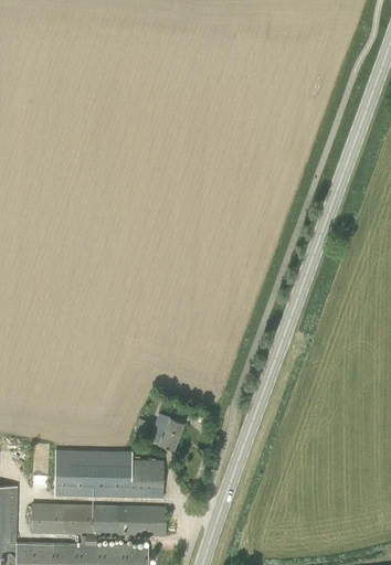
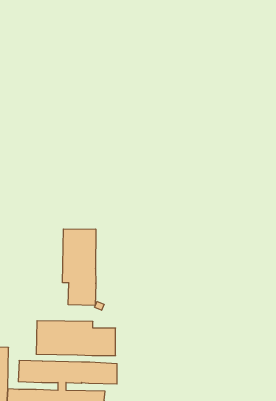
building: none -> [63,229,96,305]
building: [149,413,184,449] -> none

